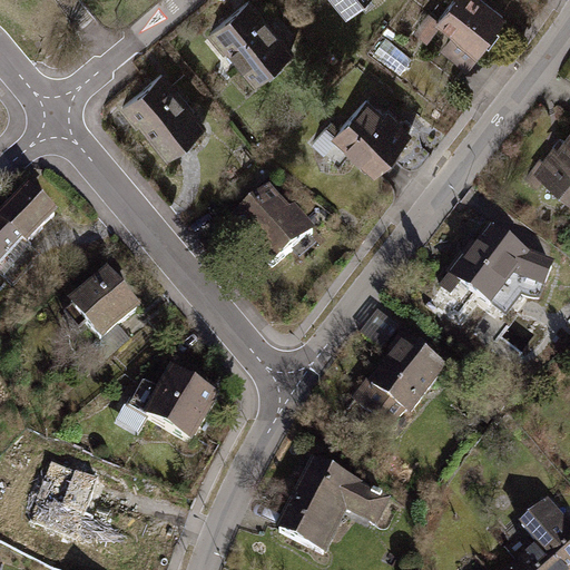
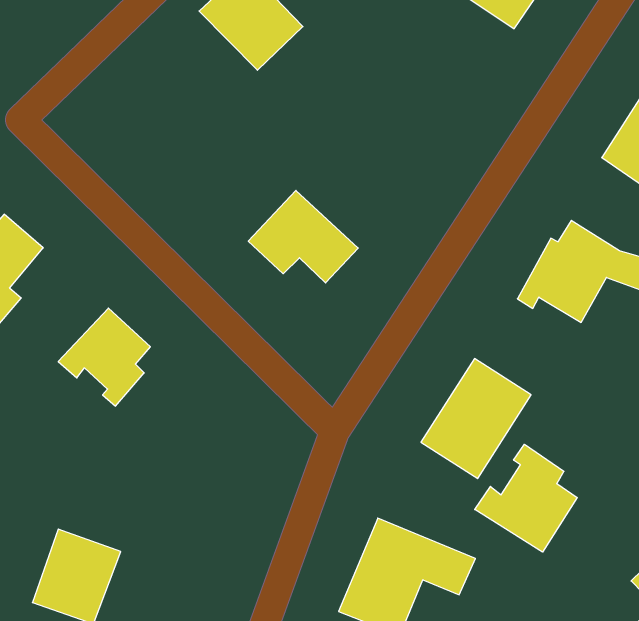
building: [121,67,208,157] -> none
building: [325,95,403,171] -> none
building: [126,371,225,445] -> none
building: none -> [475,444,577,552]

